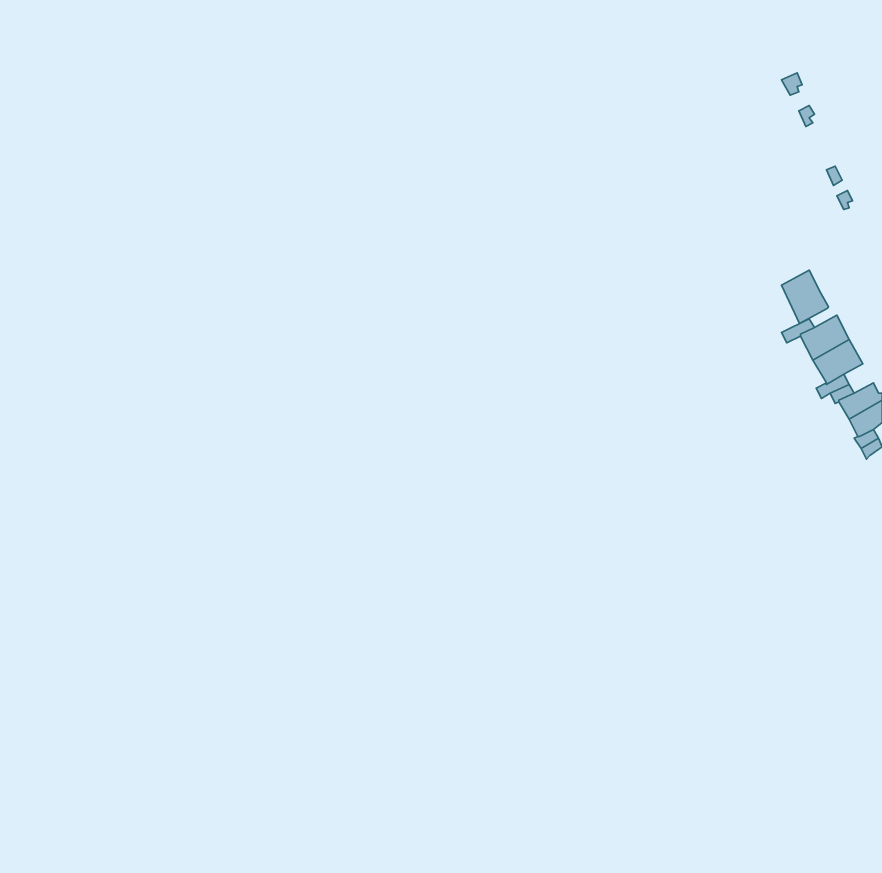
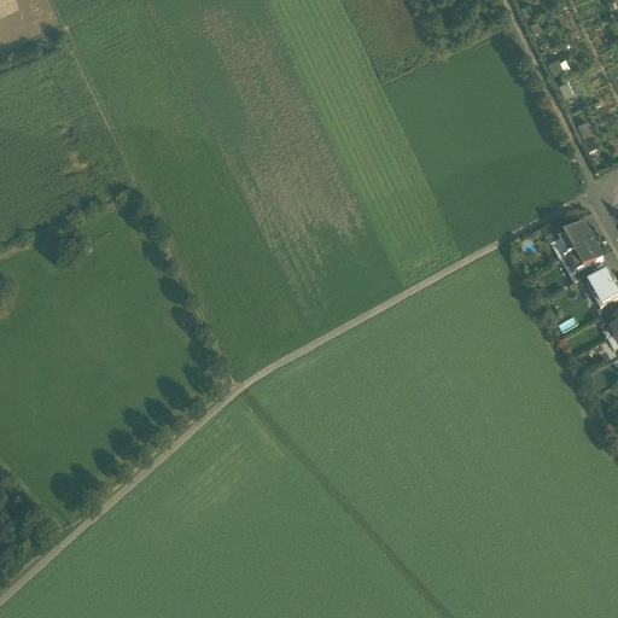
building: [782,270,829,324] -> none

